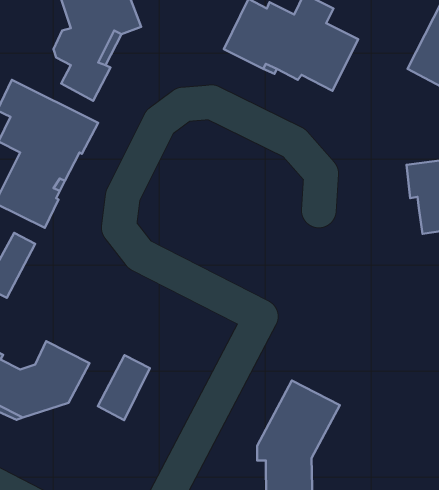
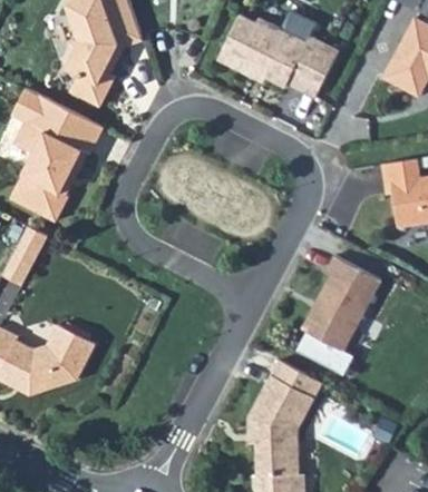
building: none -> [295,255,380,375]
building: [98,355,150,420] -> none

